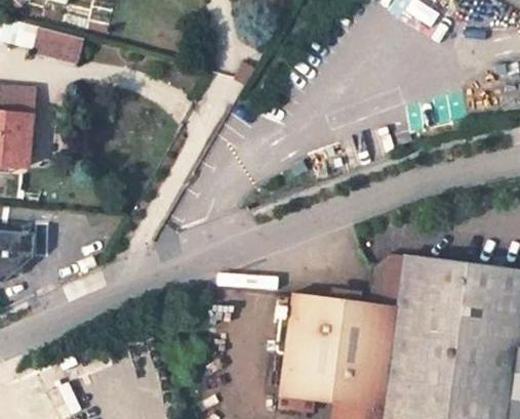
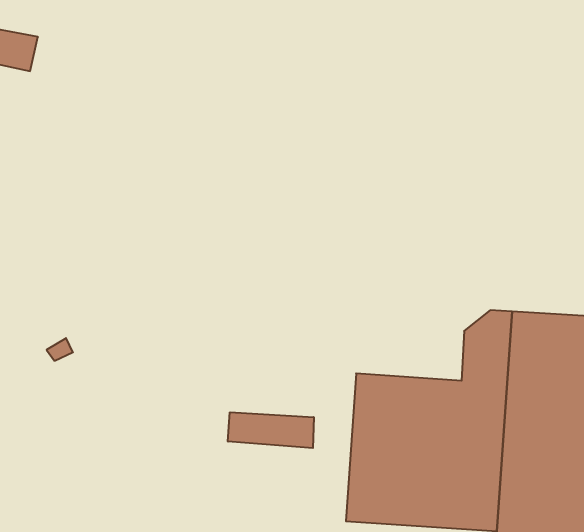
building: none -> [228,412,314,448]

